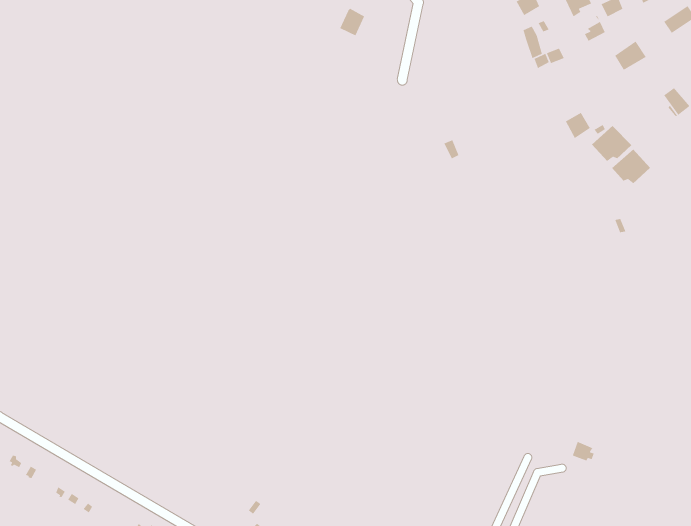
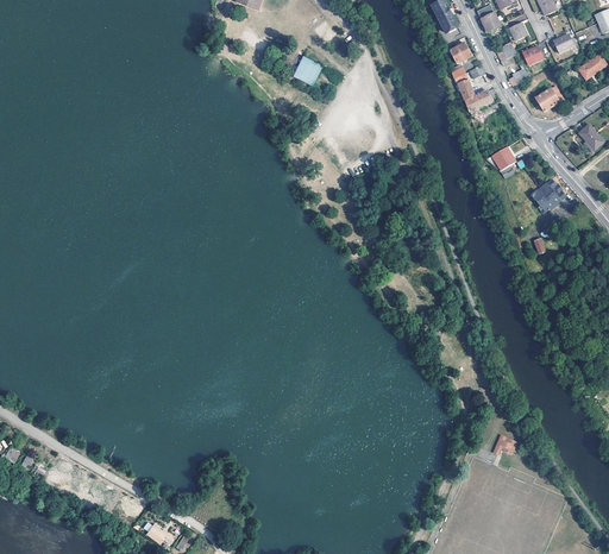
building: [591,125,632,162] -> none

